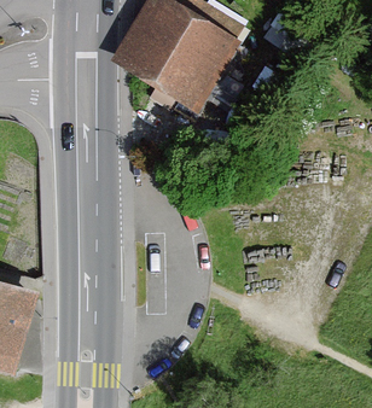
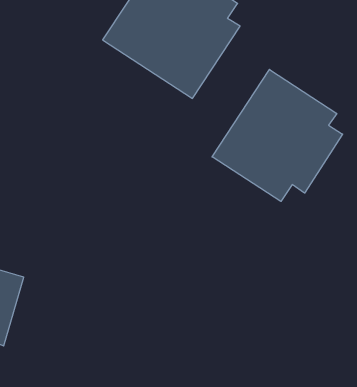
building: none -> [212,69,343,201]

